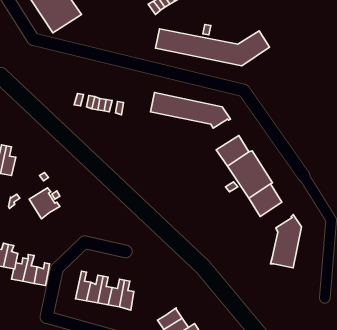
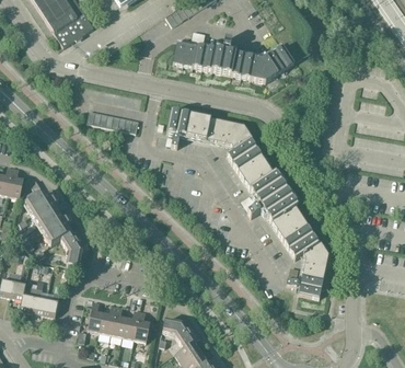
building: none -> [227,138,262,171]
building: none -> [25,191,58,223]
building: none -> [60,227,82,266]
building: none -> [285,227,319,258]
building: none -> [162,319,201,347]

